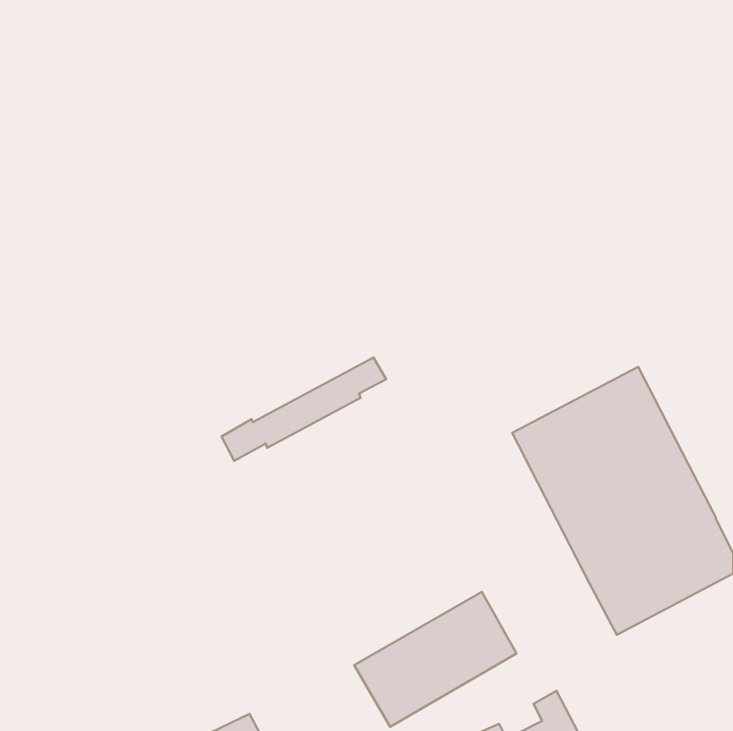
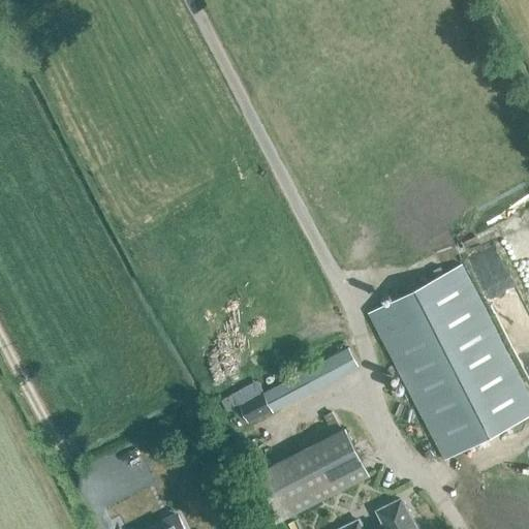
building: [221,358,386,461] -> [240,348,359,423]

